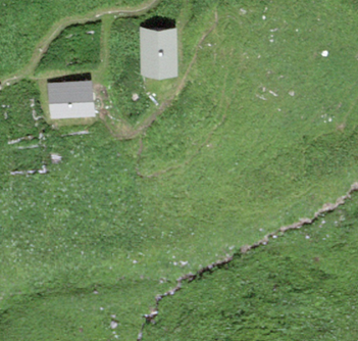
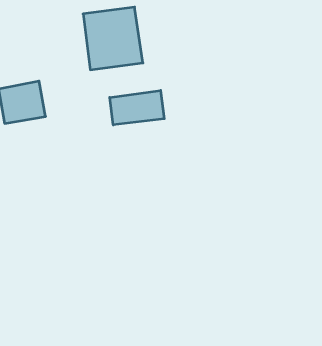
building: none -> [110,90,164,125]

